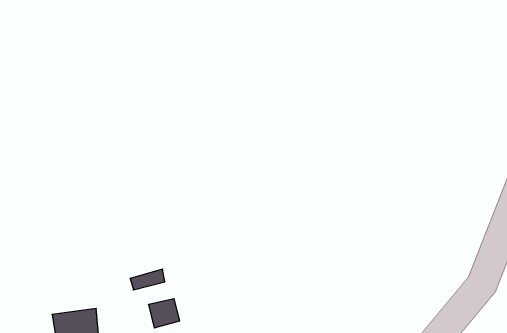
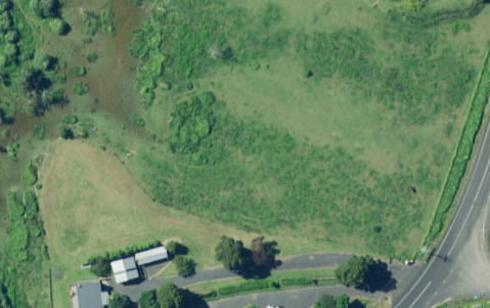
building: [148,299,180,328] -> [110,257,138,282]

